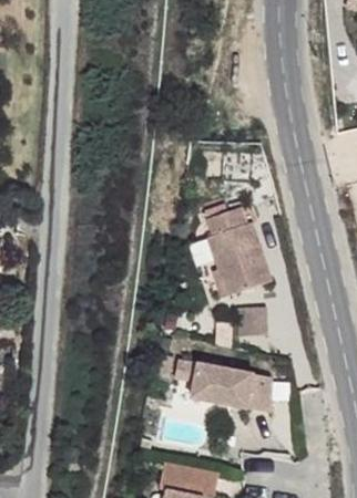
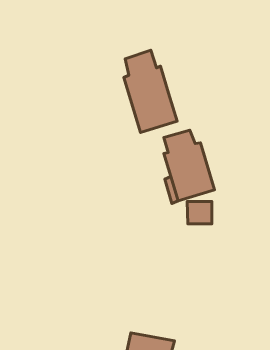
building: none -> [124,50,177,133]
building: [191,367,273,419] -> none

